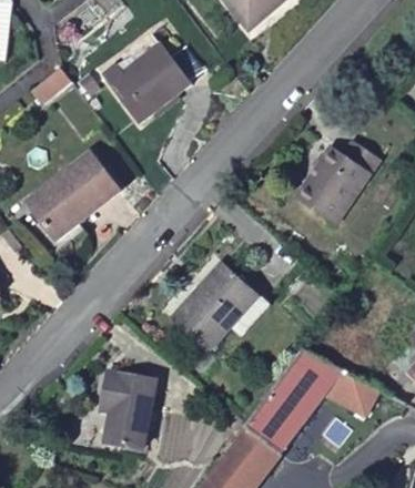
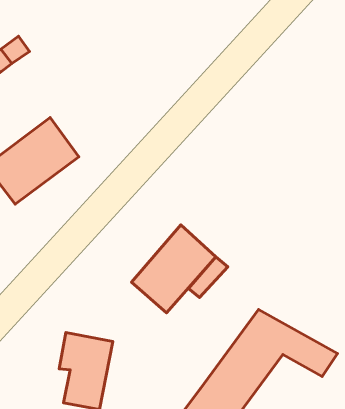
building: [100,45,190,125] -> none
building: [296,139,379,223] -> none

